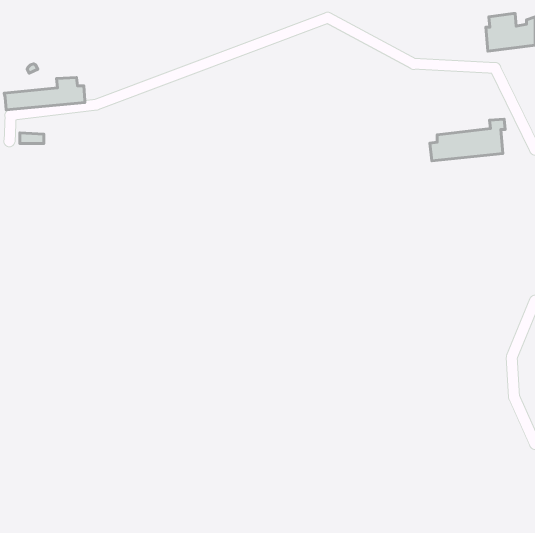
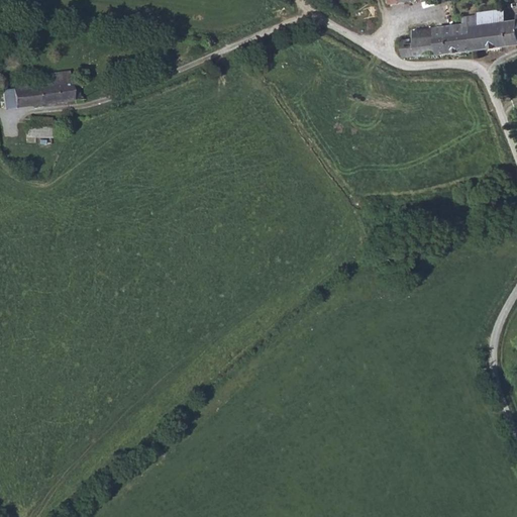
building: [430,119,505,161] -> [400,16,473,57]

